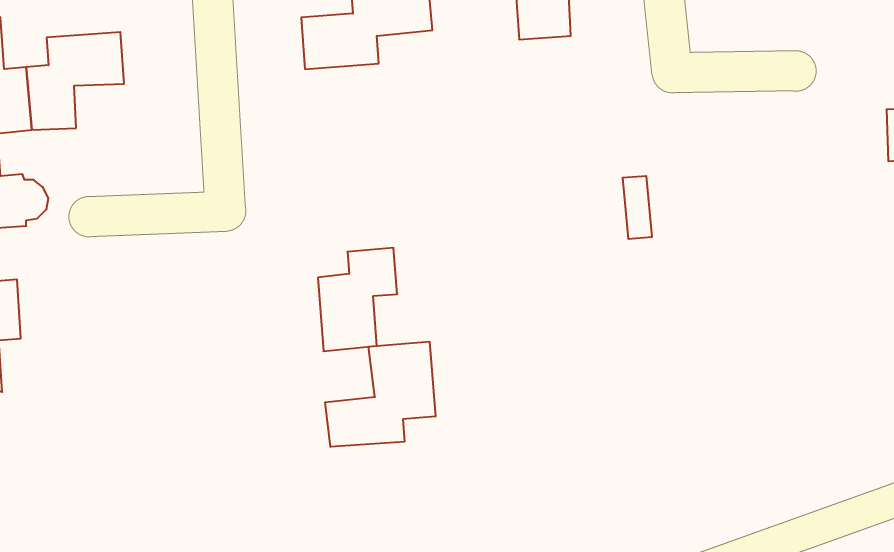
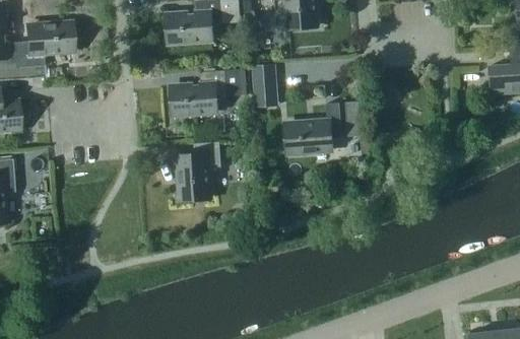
building: none -> [251,65,273,94]
building: none -> [173,69,241,115]
building: none -> [286,103,341,152]
building: [325,342,436,447] -> none

